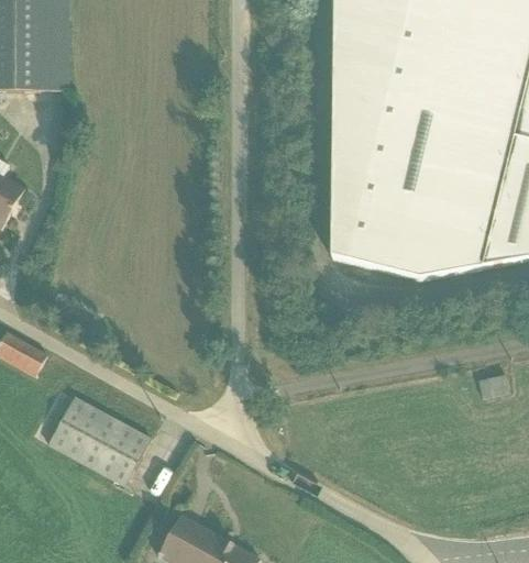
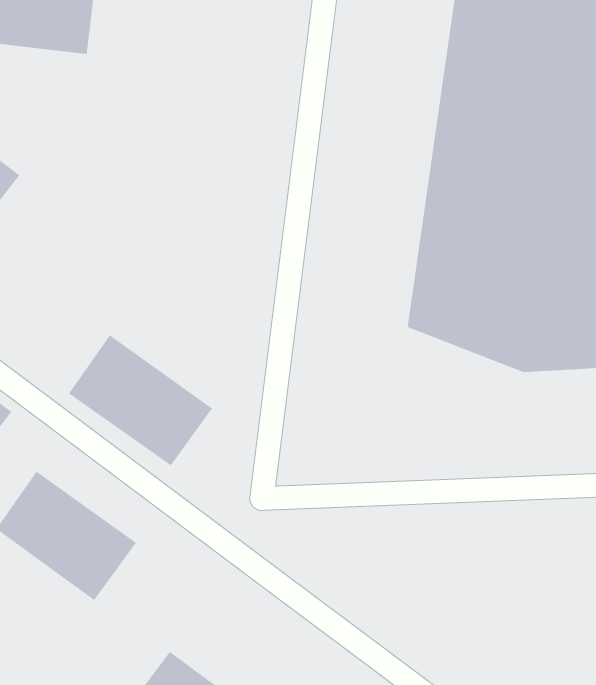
building: none -> [68,335,213,466]

